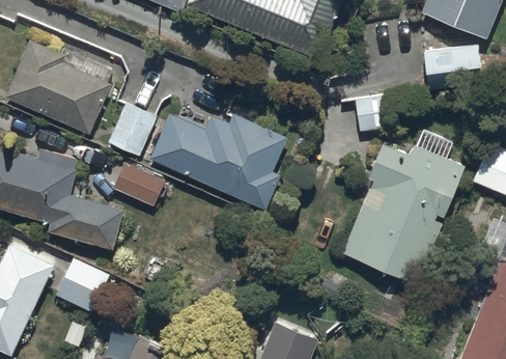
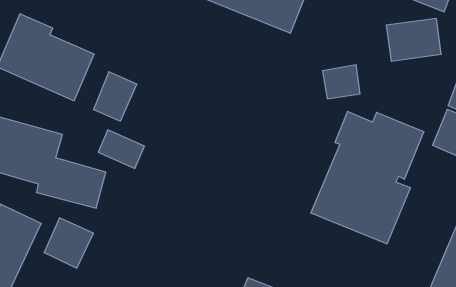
building: [150,114,287,210] -> none

